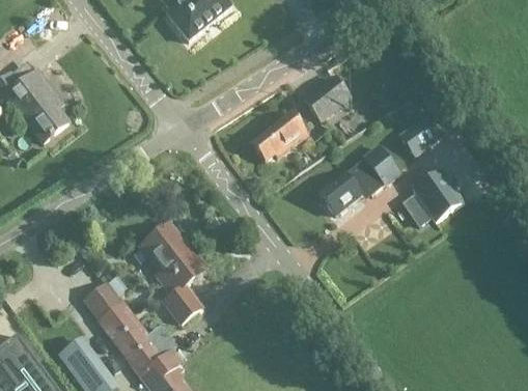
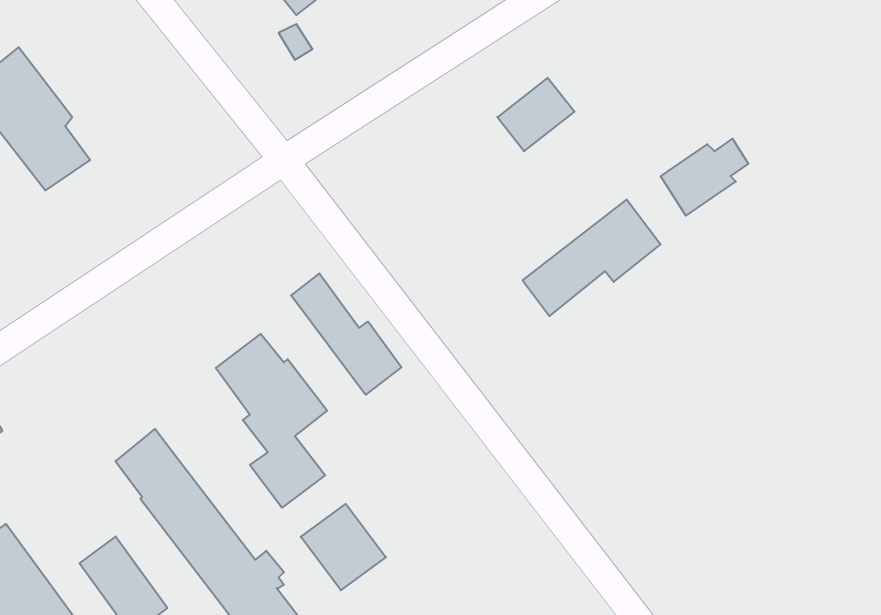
building: [251,111,307,161] -> none
building: [411,169,465,224] -> none
building: none -> [291,273,401,395]
building: none -> [301,504,386,590]

